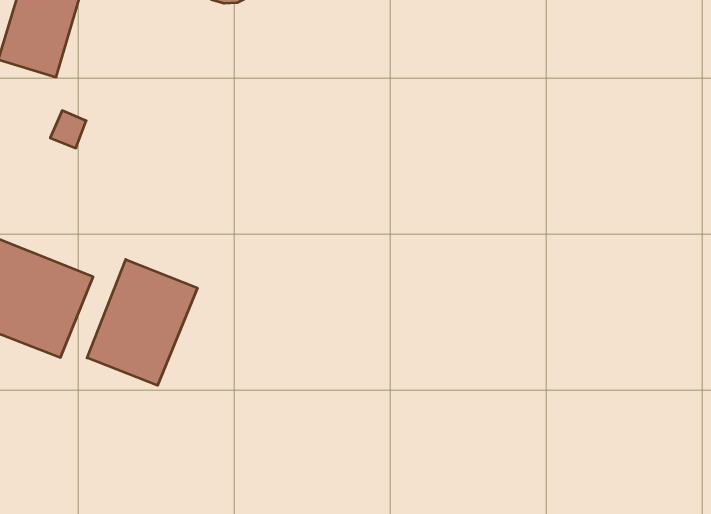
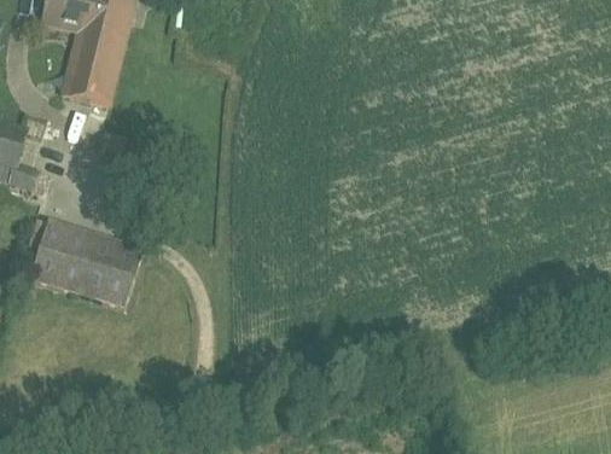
building: [87,259,197,385] -> none

